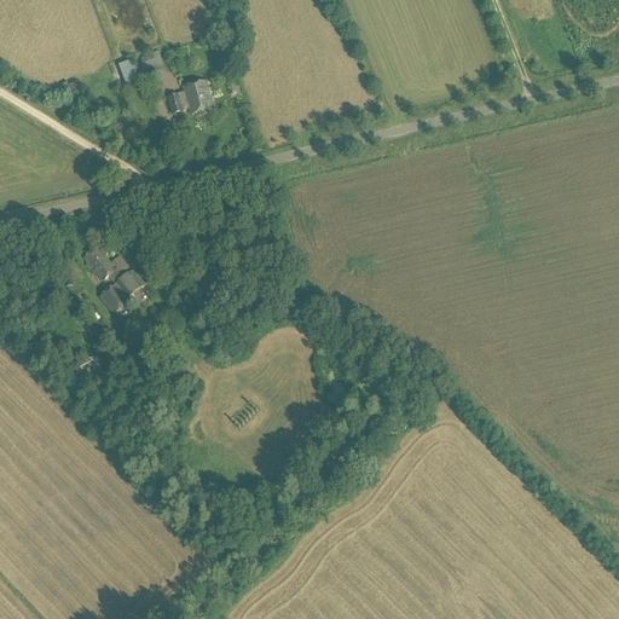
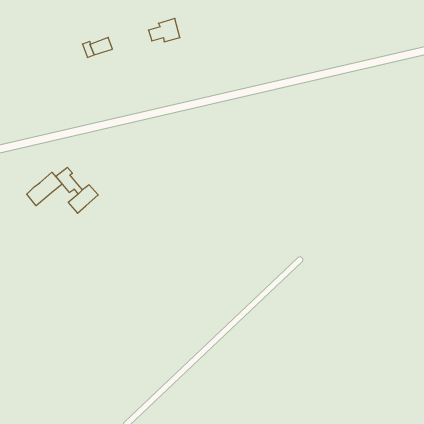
building: [166,79,212,112] -> [148,18,180,42]
building: none -> [27,172,62,206]

